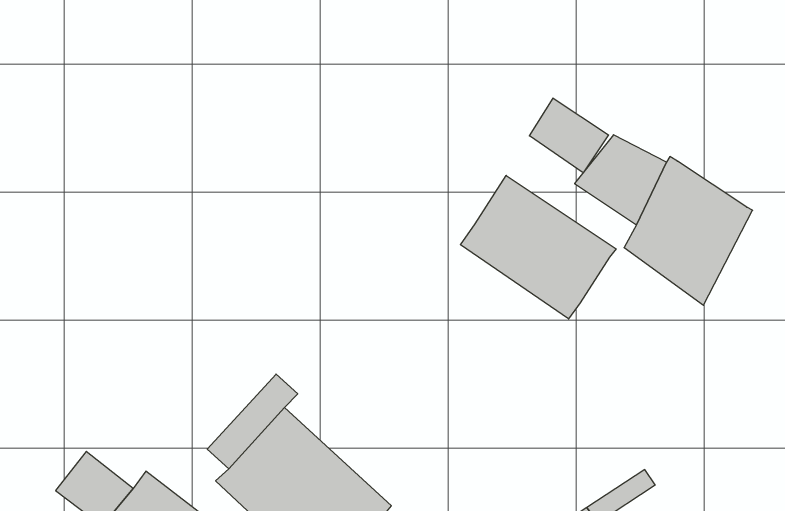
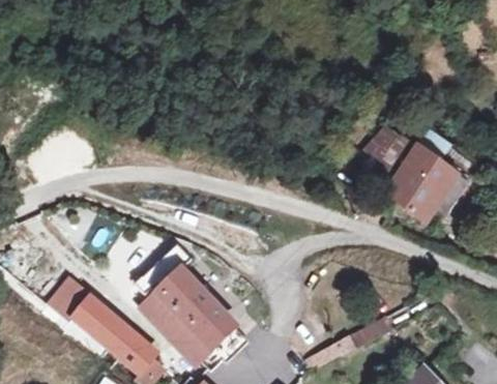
building: [529,98,609,173] -> none
building: [460,175,616,319] -> none

